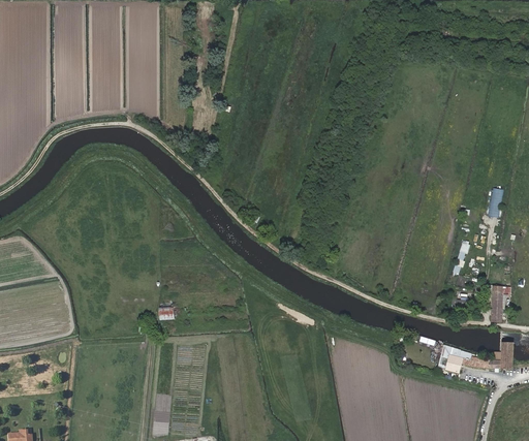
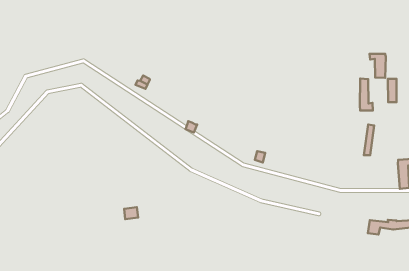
building: none -> [370,54,386,78]
building: none -> [360,79,373,111]

